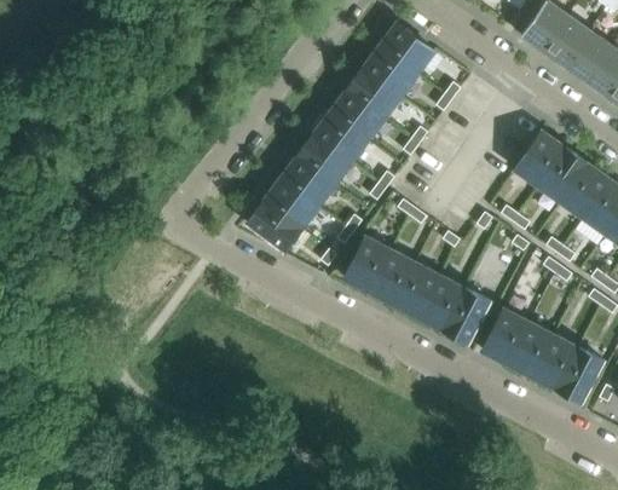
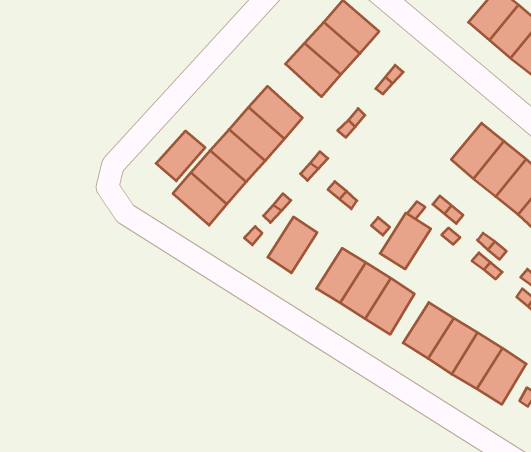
building: [330,88,383,139] -> none
building: none -> [156,131,205,181]
building: [368,249,415,304] -> [380,213,431,269]

